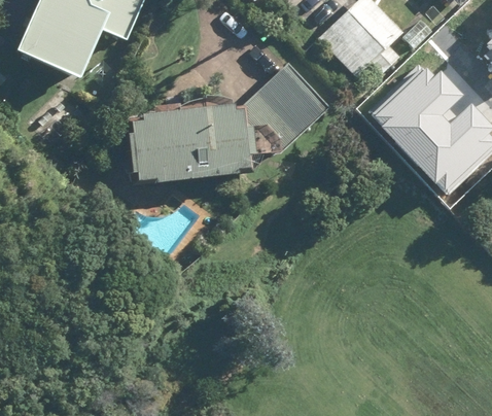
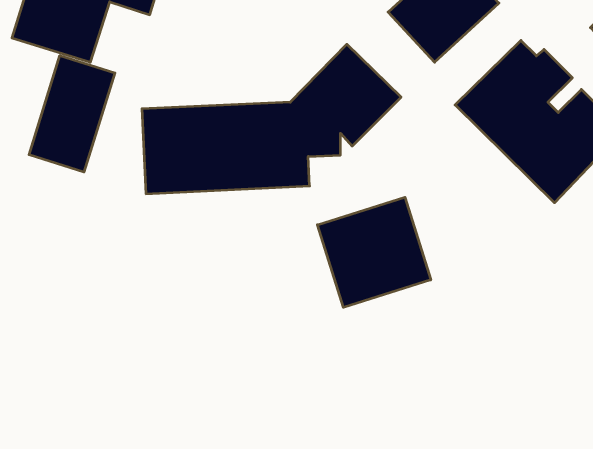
building: none -> [29,56,115,172]
building: none -> [317,197,431,307]

